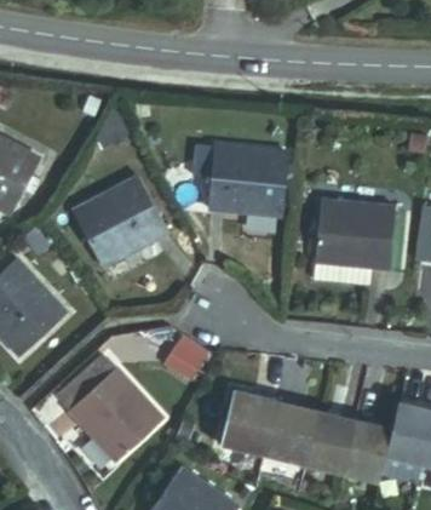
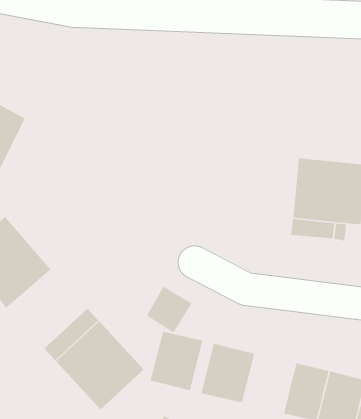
building: [208,147,285,214] -> none
building: [74,176,167,265] -> none
building: [263,402,318,465] -> [150,331,203,391]

